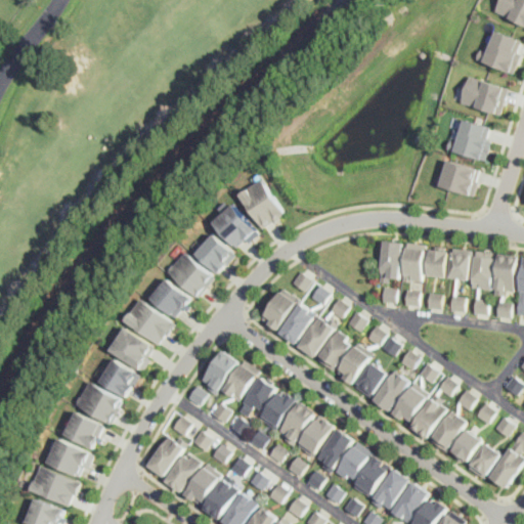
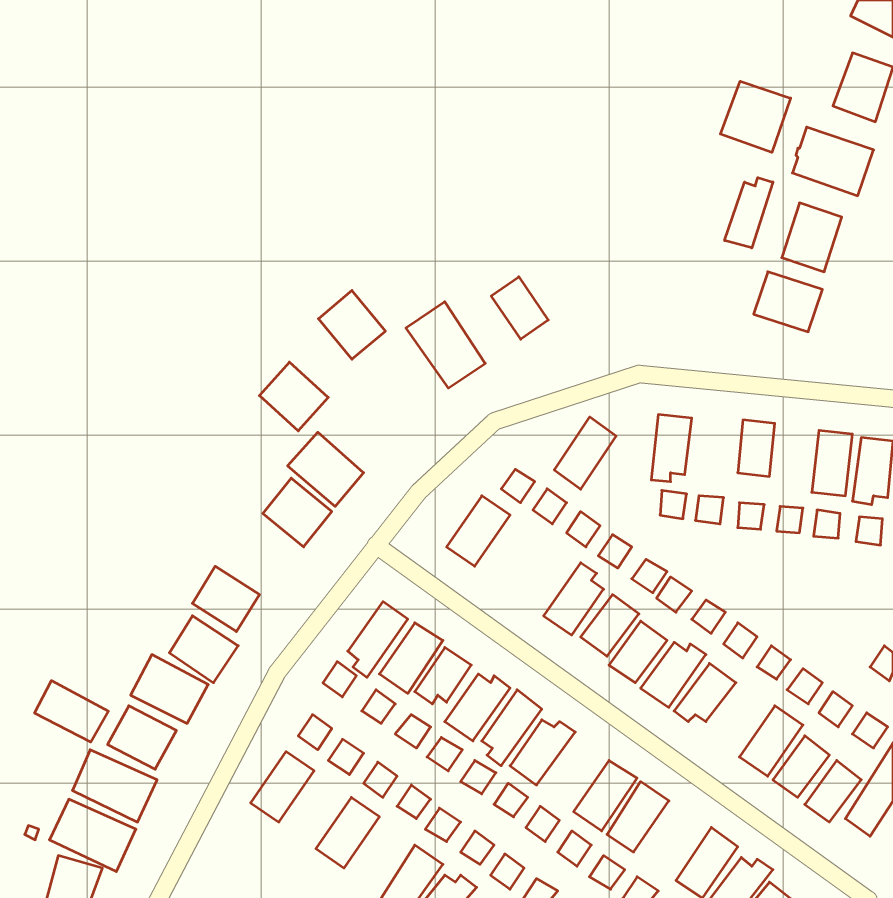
building: none -> [720,81,791,152]
building: none -> [725,178,773,248]
building: none -> [491,277,548,339]
building: [215,207,254,247] -> [318,290,385,359]
building: [193,234,233,274] -> [259,362,328,431]
building: [401,244,425,281] -> none
building: [450,249,472,281] -> none
building: [124,298,174,344] -> none
building: [278,303,314,345] -> [554,417,616,489]
building: [297,317,334,358] -> none
building: none -> [35,681,108,742]
building: [410,398,446,440] -> none
building: [314,429,351,470] -> none
building: [164,456,201,494] -> none
building: [369,470,408,510] -> none
building: [201,478,237,519] -> none

